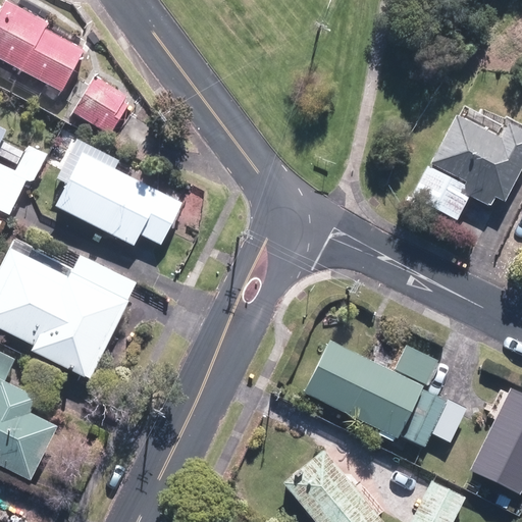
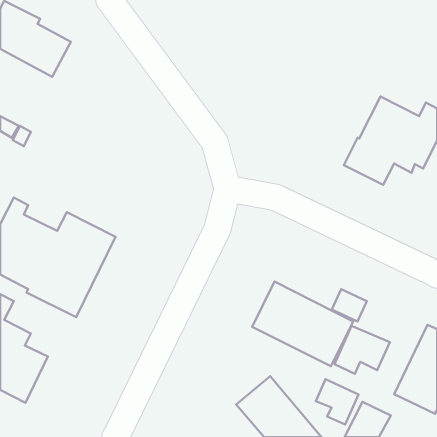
building: [72,73,129,134] -> none
building: [56,140,179,245] -> none
building: none -> [316,379,359,424]

